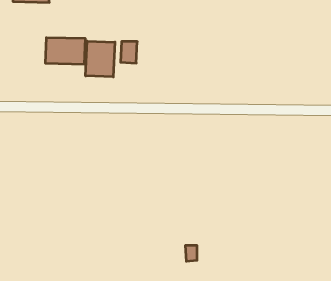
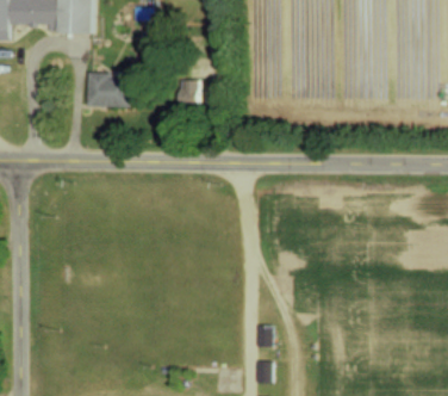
building: [86,41,115,77] -> none

